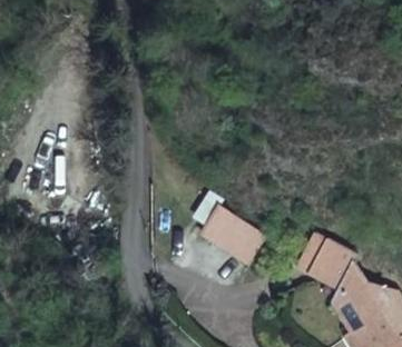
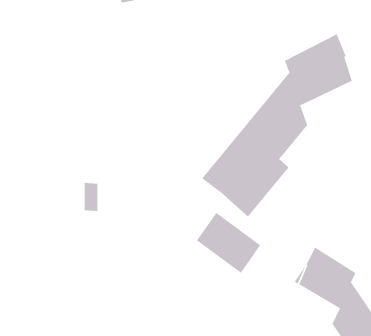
building: none -> [201,33,353,218]

